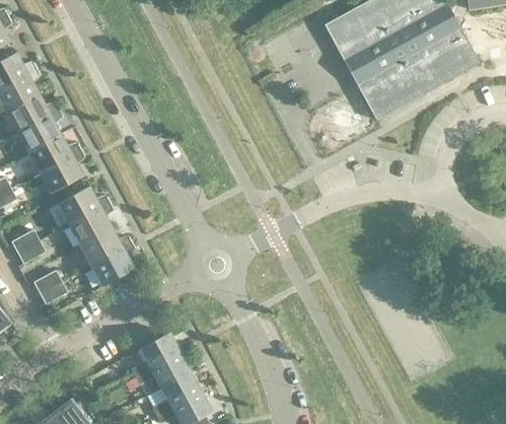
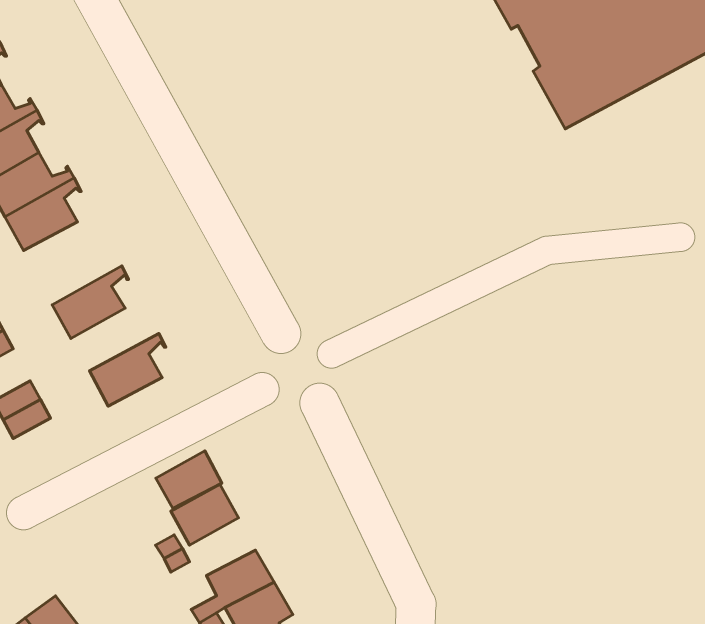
building: [57,187,110,225] -> none
building: [79,227,132,265] -> none
building: [150,353,190,387] -> [156,451,222,509]

